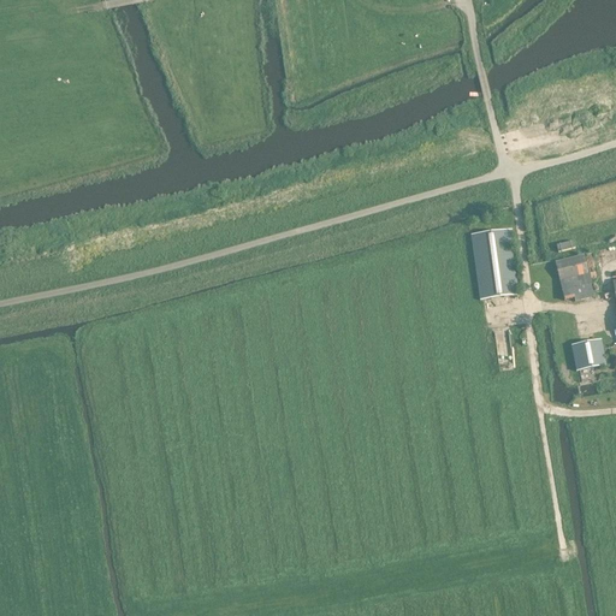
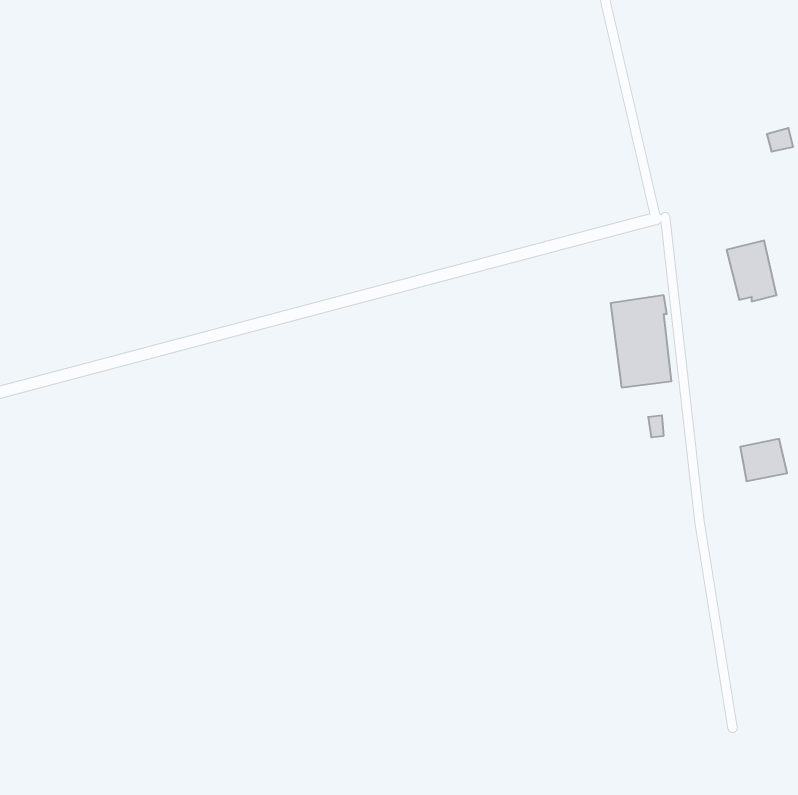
building: [555,253,593,300] -> [727,240,777,301]

